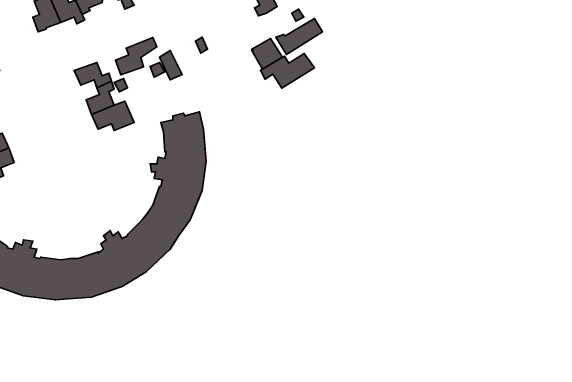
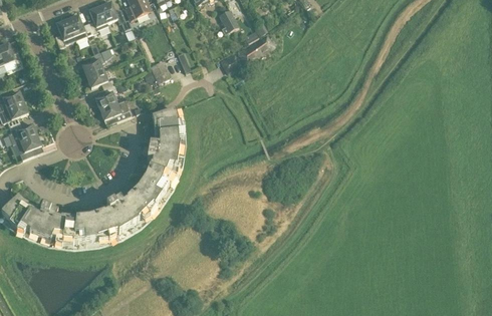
building: [115,38,157,75] -> [81,46,112,74]
building: [260,53,314,88] -> none

